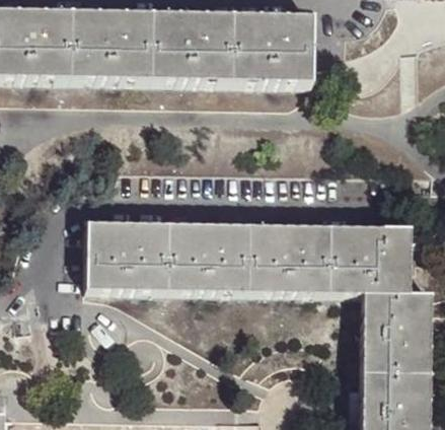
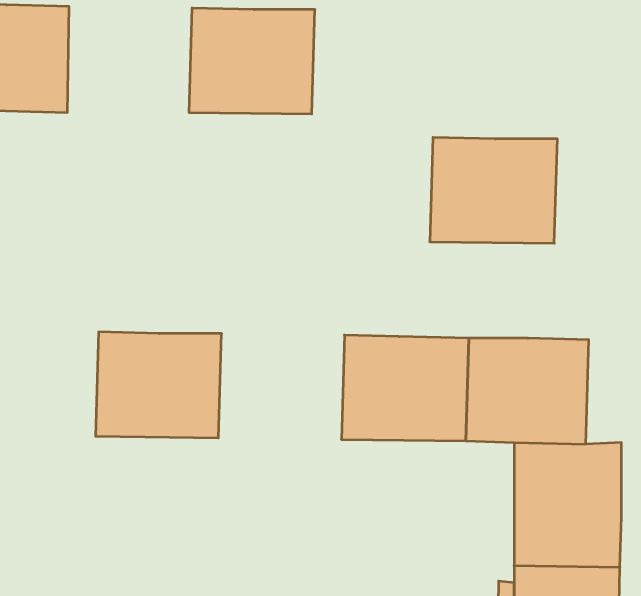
building: [70,9,151,78] -> none
building: [229,11,312,80] -> [430,137,557,243]
building: [168,222,250,291] -> none

